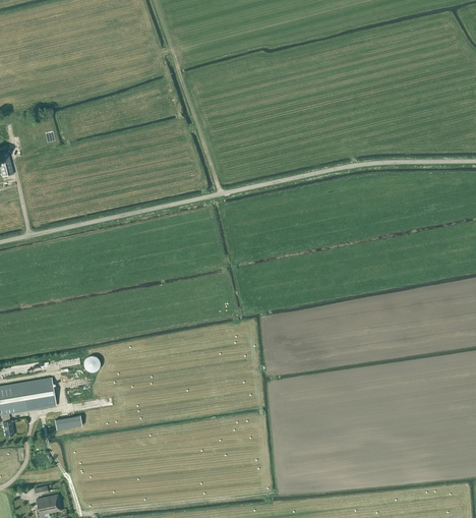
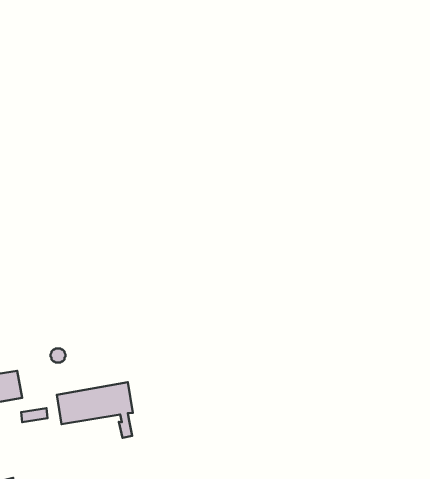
building: none -> [57,382,133,438]

